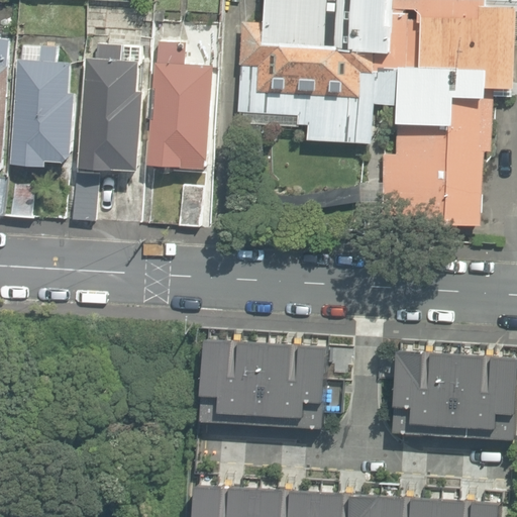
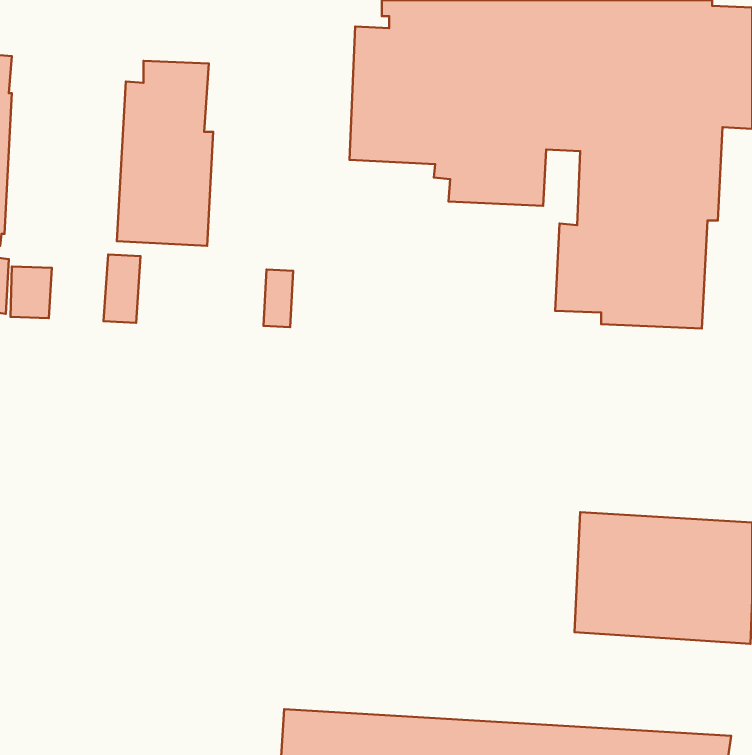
building: [146,40,214,172] -> none
building: [8,45,74,166] -> none
building: [198,339,326,429] -> none

